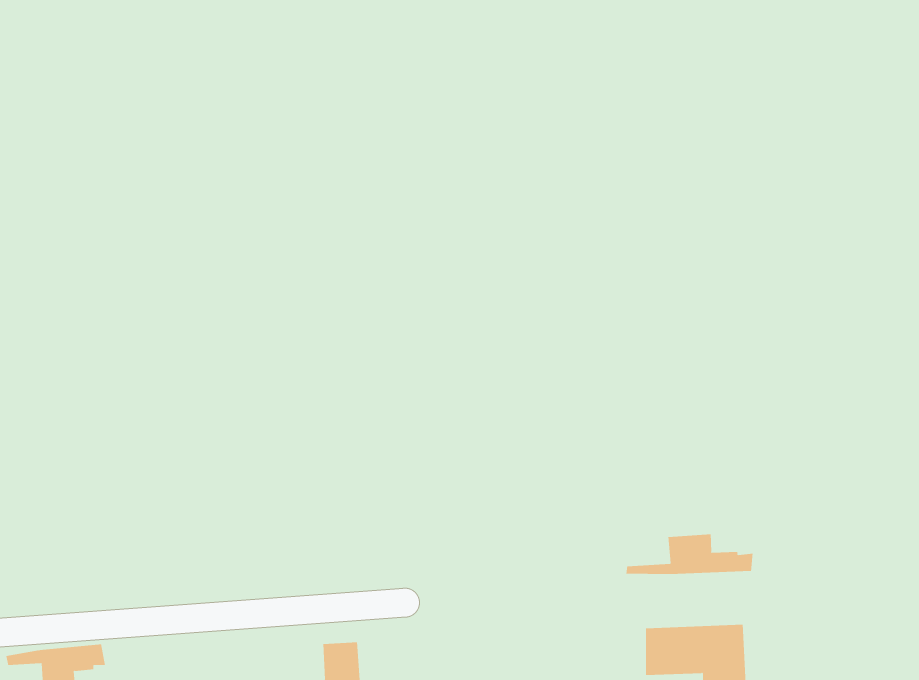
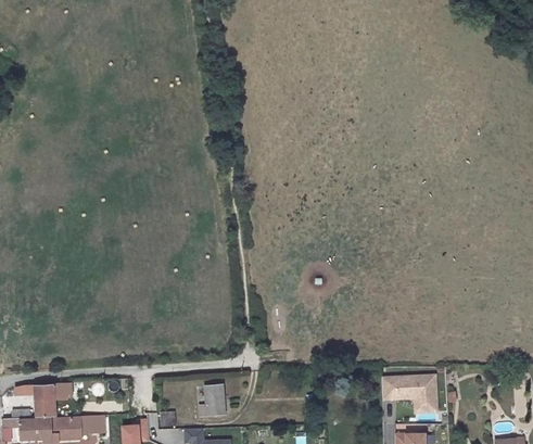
building: [626,534,753,575] -> none

